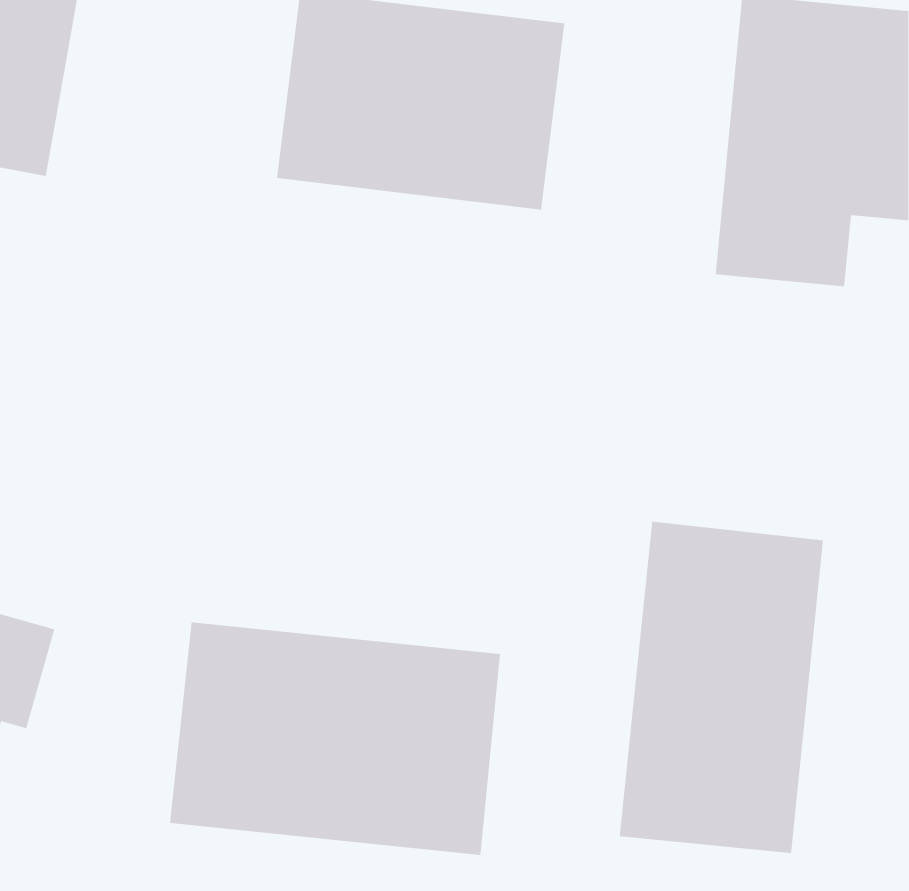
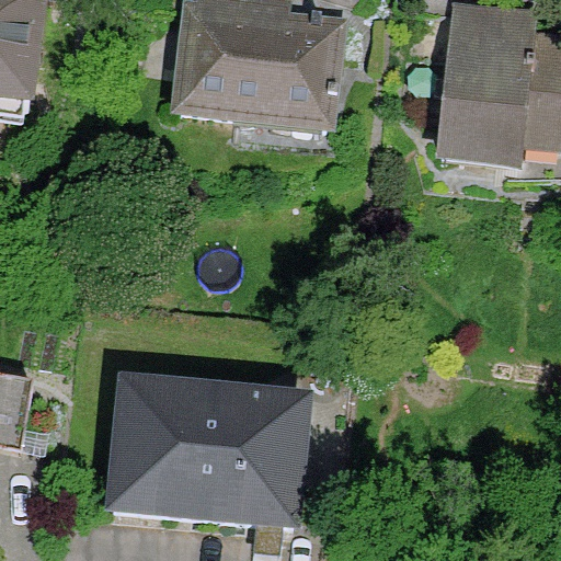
building: [619,521,824,854] -> none

